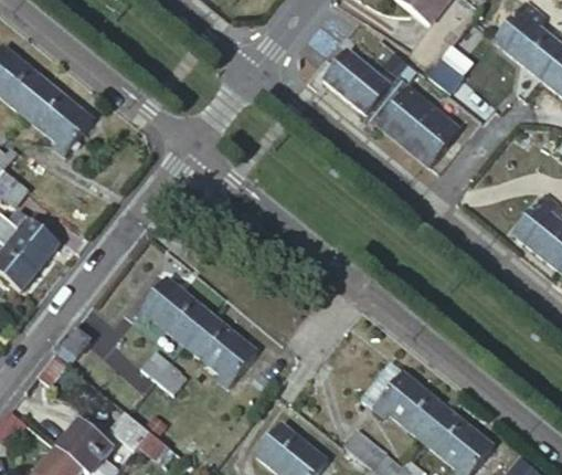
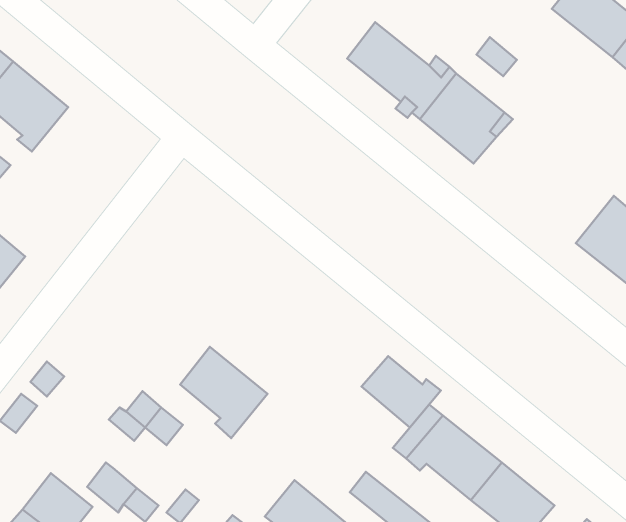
building: [135,277,210,346] -> none
building: none -> [361,356,441,427]

